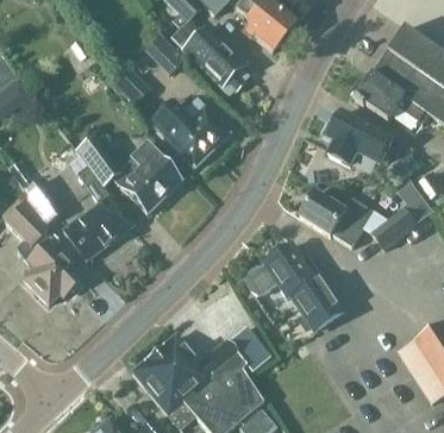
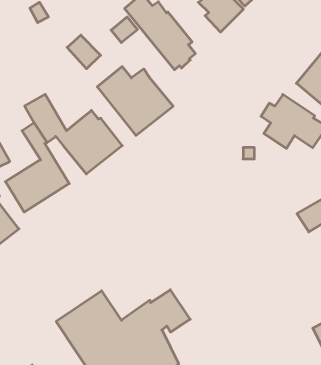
building: [300,189,375,246] -> none
building: [246,241,345,330] -> none

